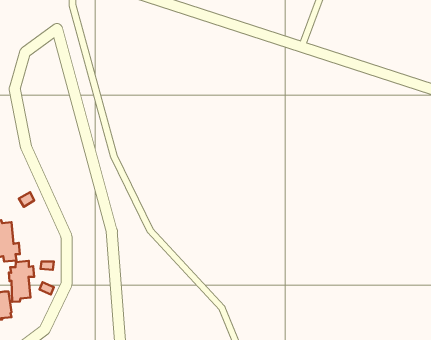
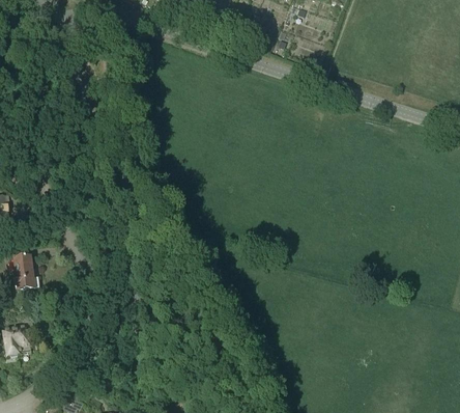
building: [9,261,34,302] -> none

